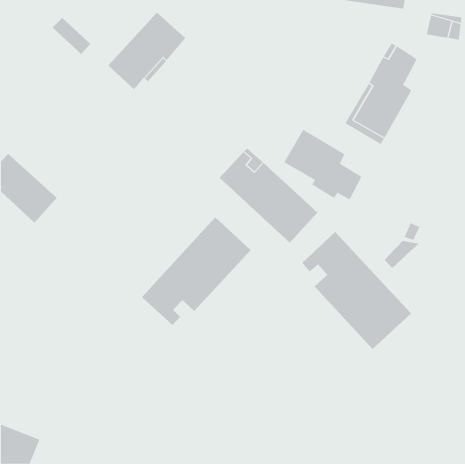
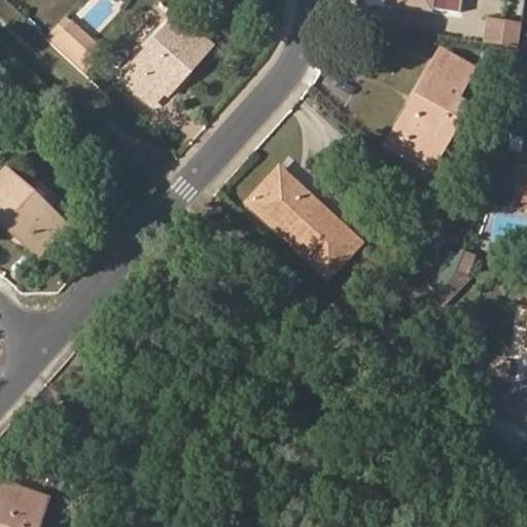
building: [283,129,362,200] -> none
building: [141,217,251,326] -> none
building: [301,231,412,350] -> none

